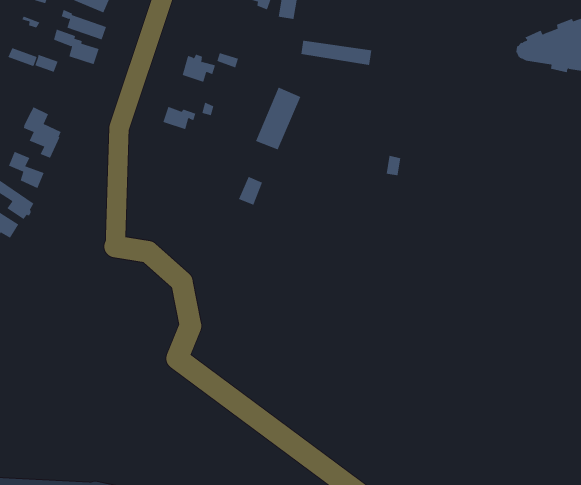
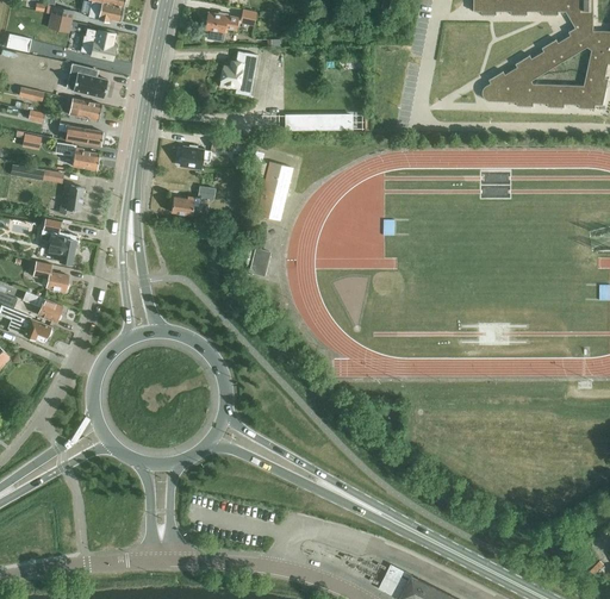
building: none -> [61,185,85,214]

